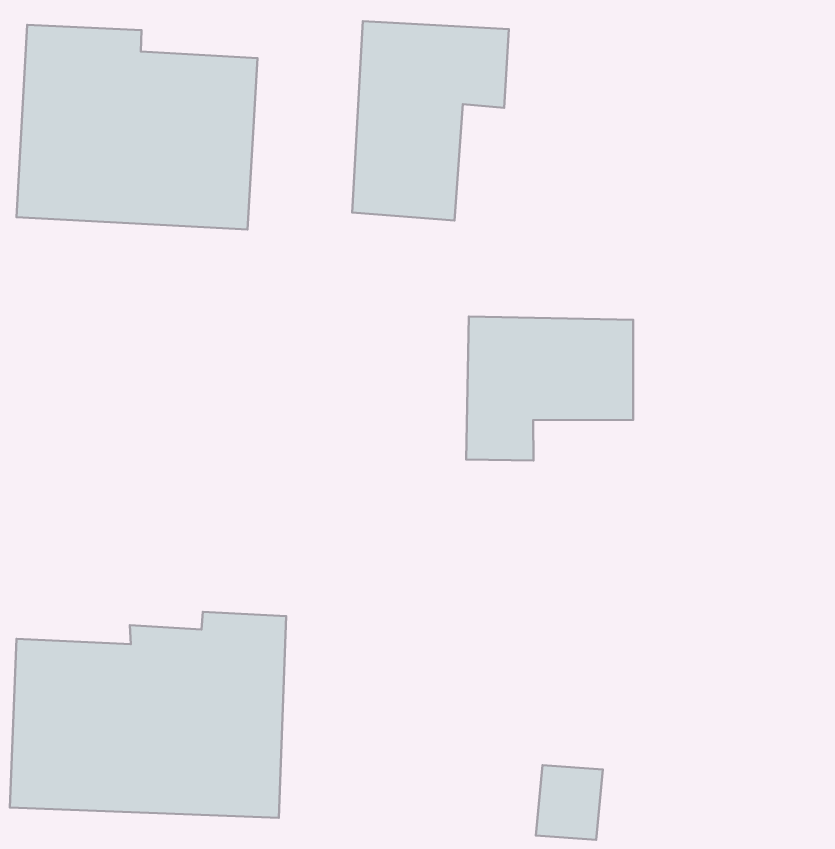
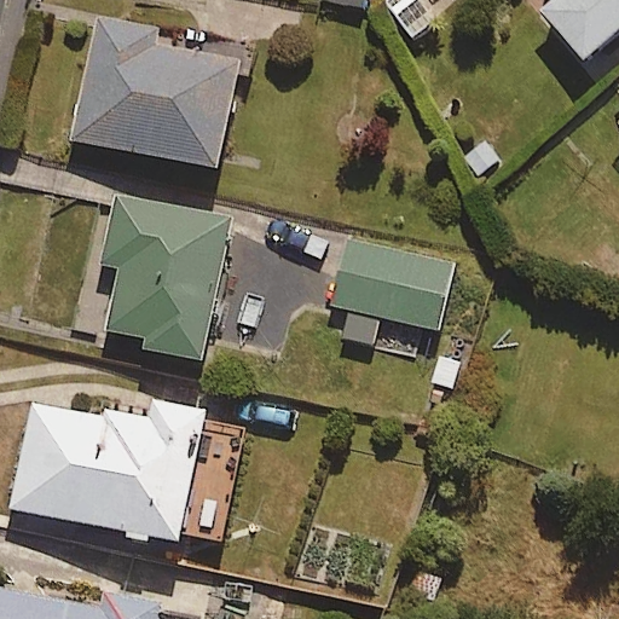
building: [352,21,509,221] -> none
building: none -> [98,196,231,359]

